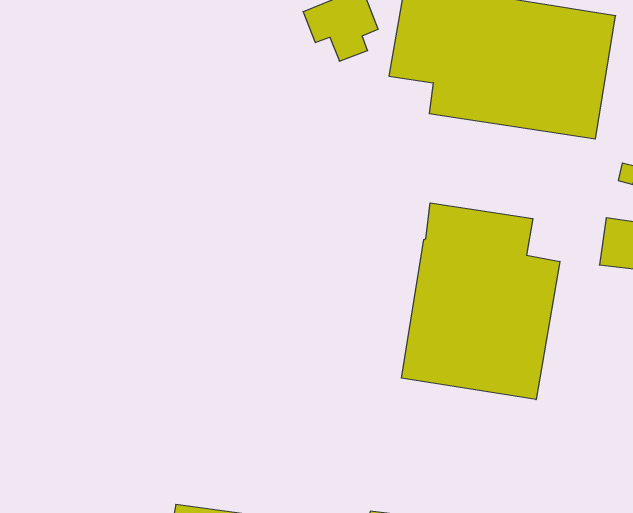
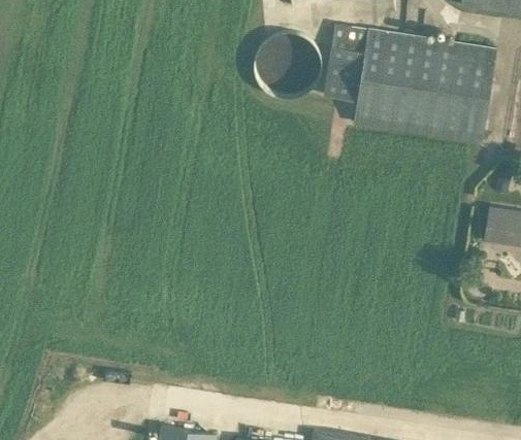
building: [402,203,560,400] -> none

